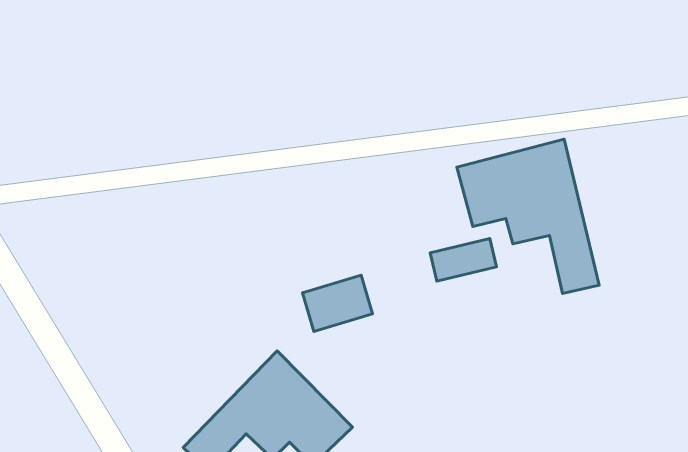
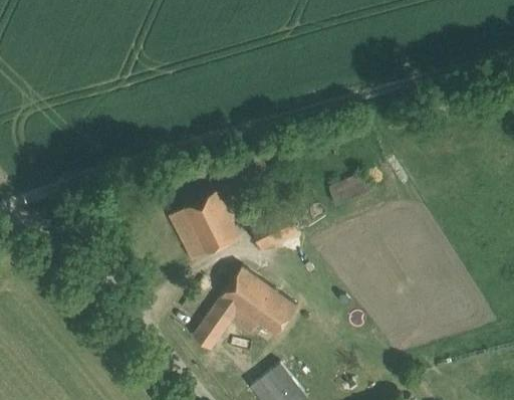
building: [457,139,599,294] -> none
building: none -> [169,188,241,261]

